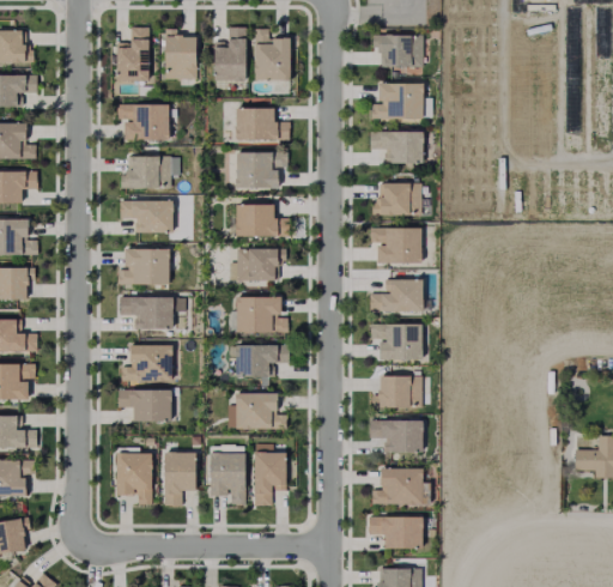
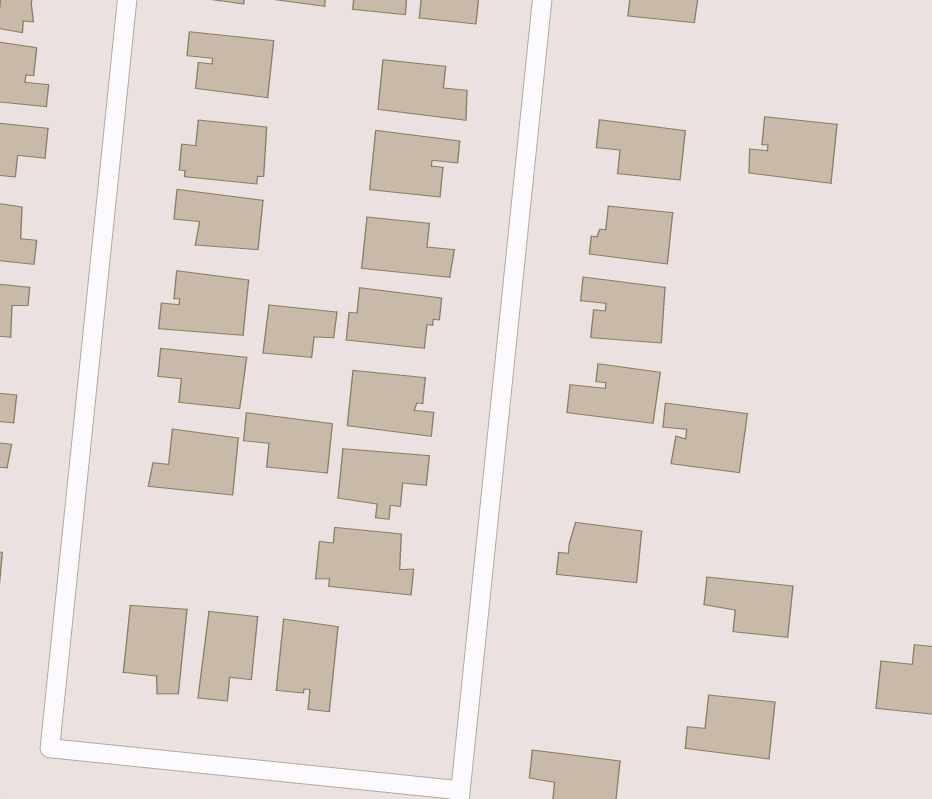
building: [370,84,421,120] -> [749,117,837,183]
building: none -> [263,305,337,358]
building: [370,323,420,361] -> [663,403,748,473]
building: [117,389,170,420] -> [243,413,332,473]
building: [369,420,421,452] -> [704,577,793,637]
building: [254,453,284,506] -> none
building: [370,470,421,504] -> [685,695,775,759]

